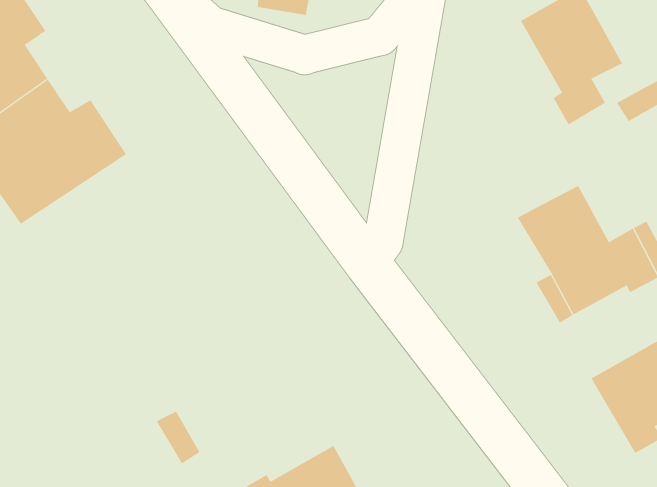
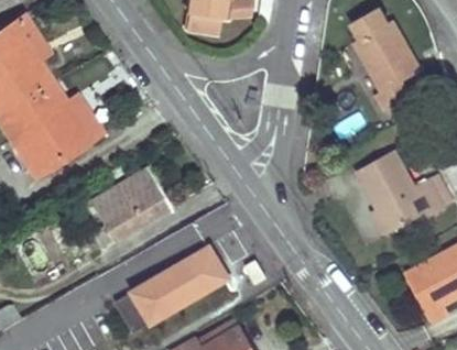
building: none -> [91,166,170,238]
building: none -> [132,239,236,322]

